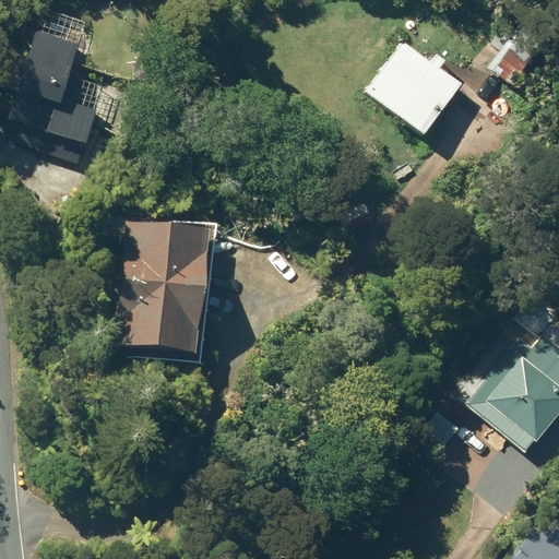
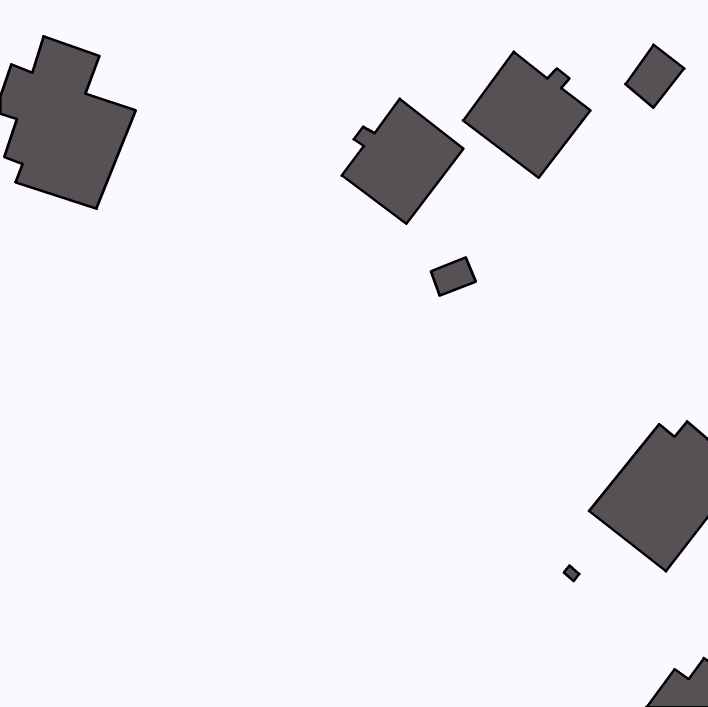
building: none -> [342,99,463,224]
building: [111,224,212,357] -> none

